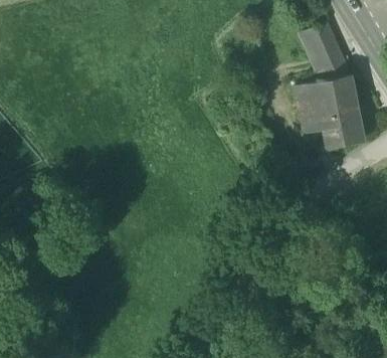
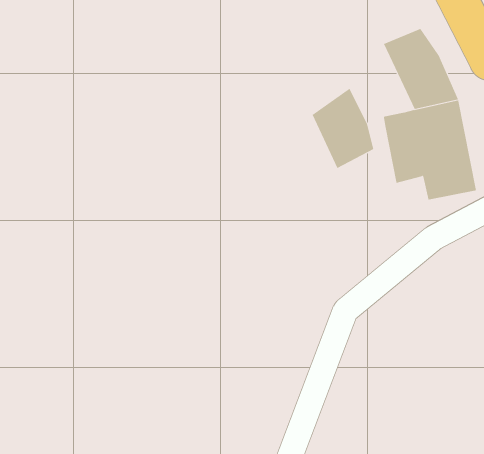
building: none -> [312,88,374,169]

